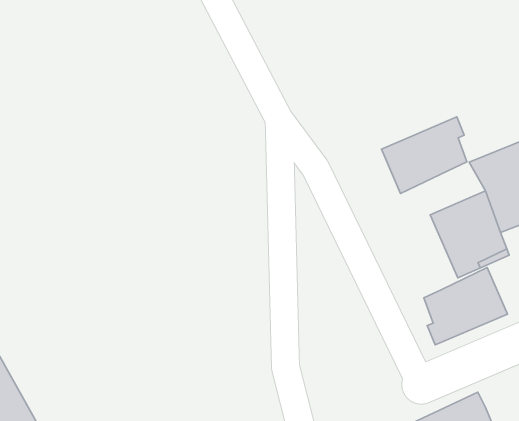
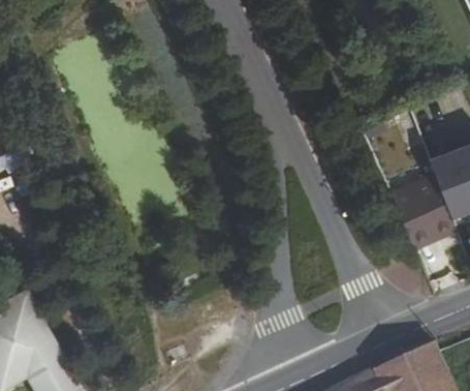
building: [381,117,467,193] -> none
building: [424,268,507,345] -> none

